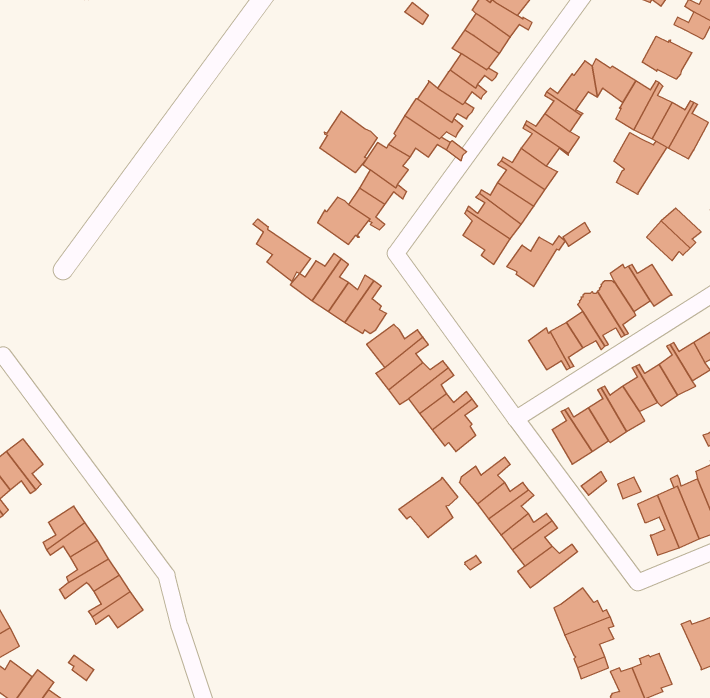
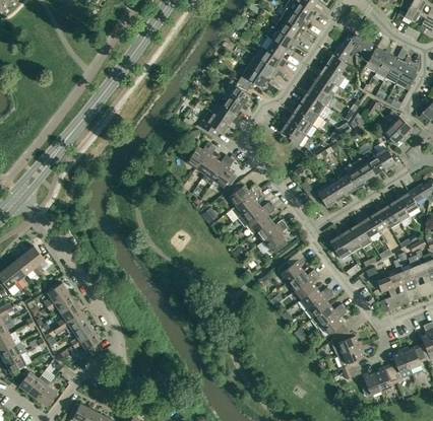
building: [642,36,692,79] -> none
building: [320,111,377,173] -> none
building: [614,133,667,194] -> none
building: [253,219,311,281] -> none
building: [507,236,565,287] -> none
building: [399,477,458,538] -> none
building: none -> [321,308,347,338]
building: none -> [389,349,413,382]

